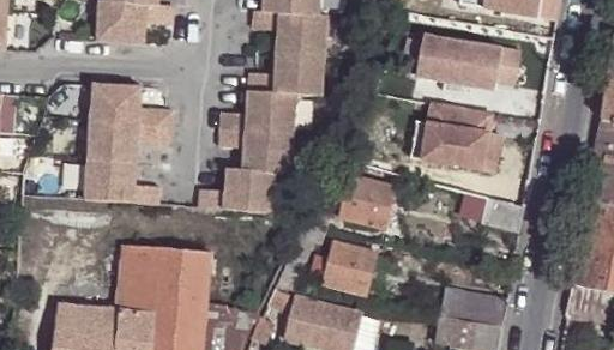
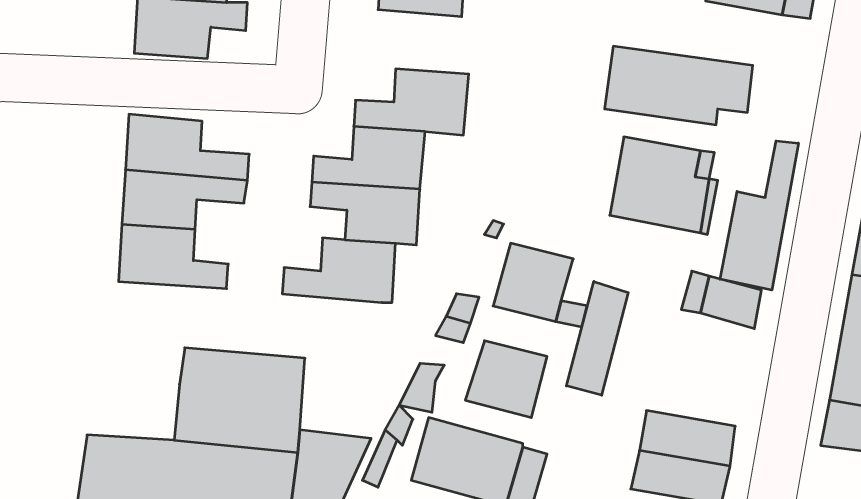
building: [249,11,326,56] -> none
building: none -> [720,141,798,290]
building: none -> [566,281,628,395]

